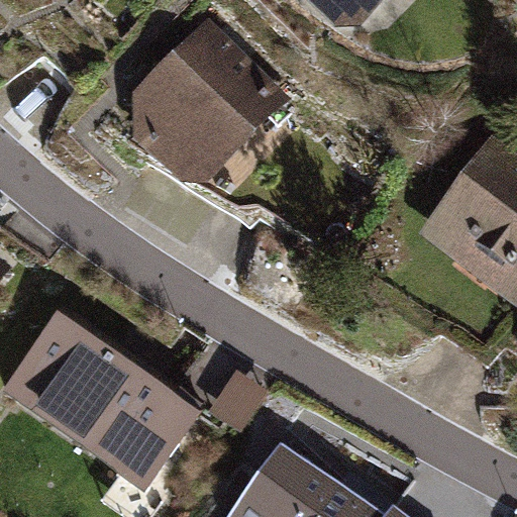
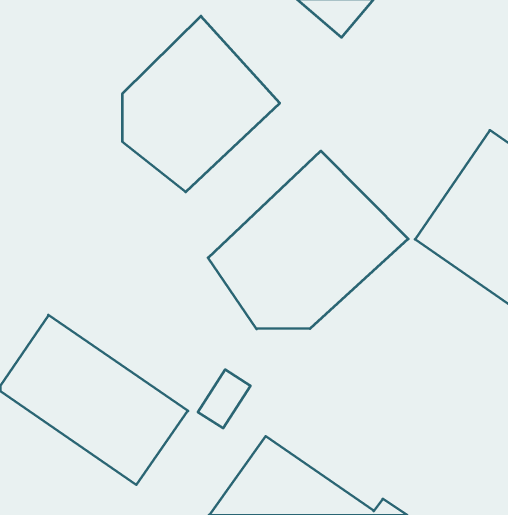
building: none -> [208,151,408,329]

